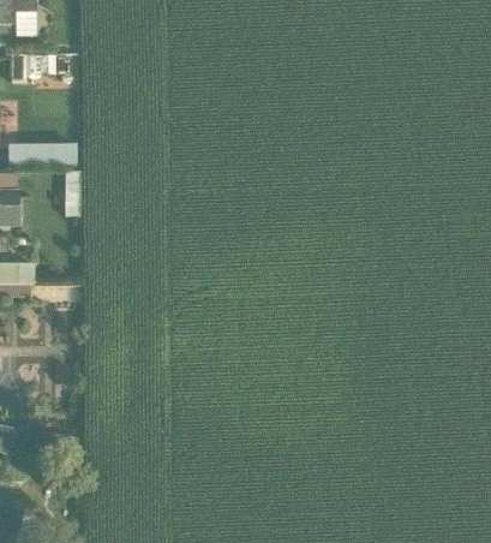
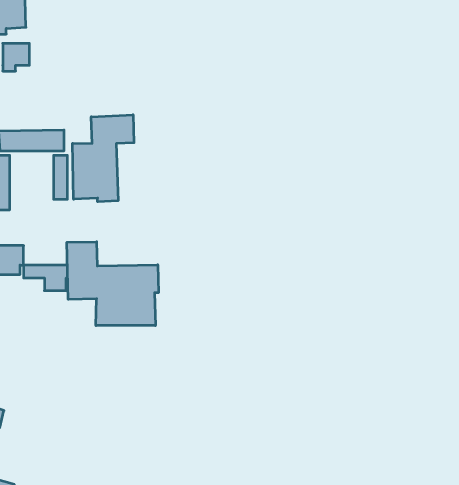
building: none -> [73,115,134,202]
building: none -> [67,242,158,326]

